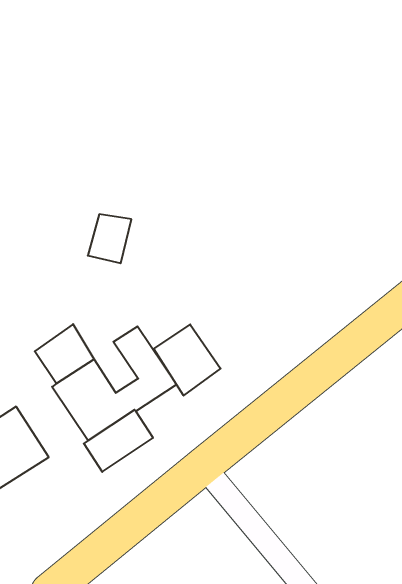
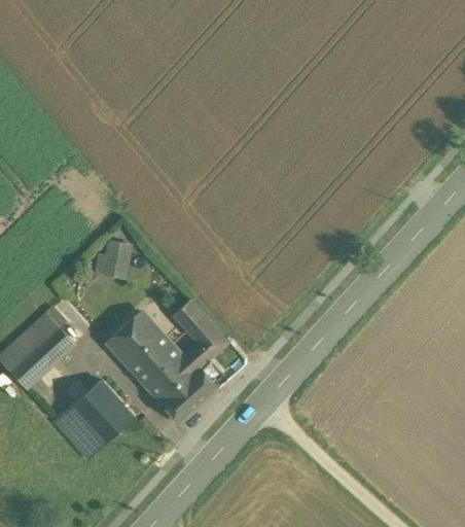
building: [88,214,131,263] -> [97,239,128,276]
building: [154,324,221,396] -> none

